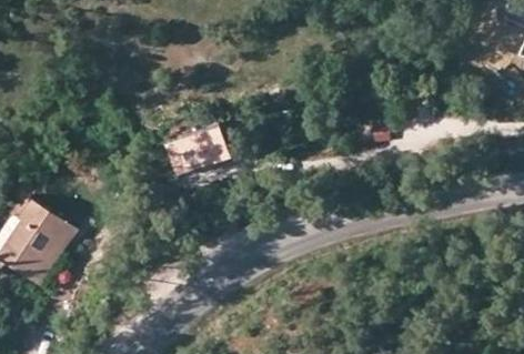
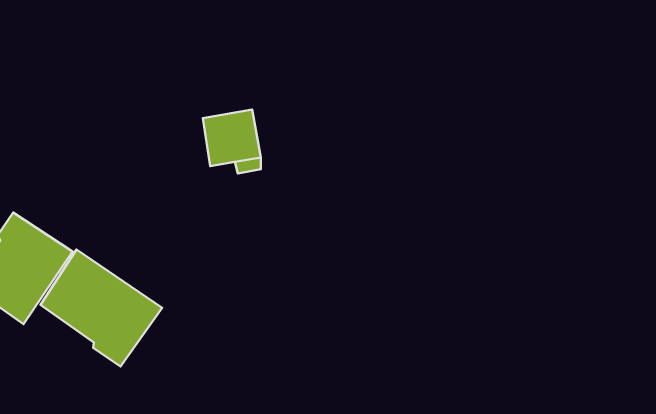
building: none -> [40,250,162,366]

